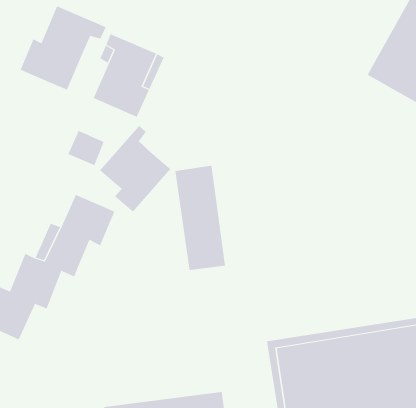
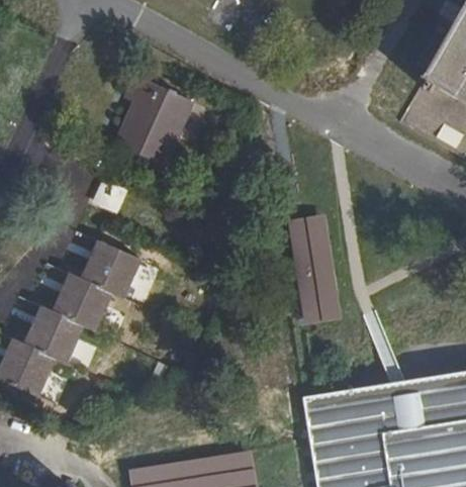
building: [20,5,106,91] -> none
building: [99,125,171,212] -> none
building: [174,165,226,271] -> [287,213,341,323]

